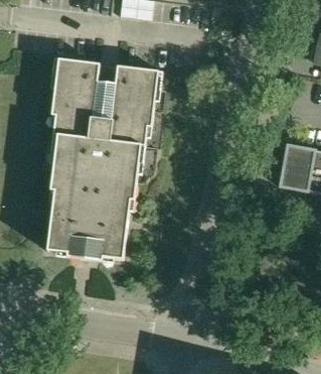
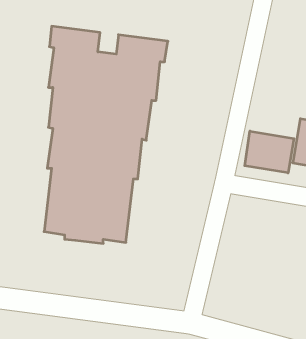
building: none -> [245,131,294,173]

